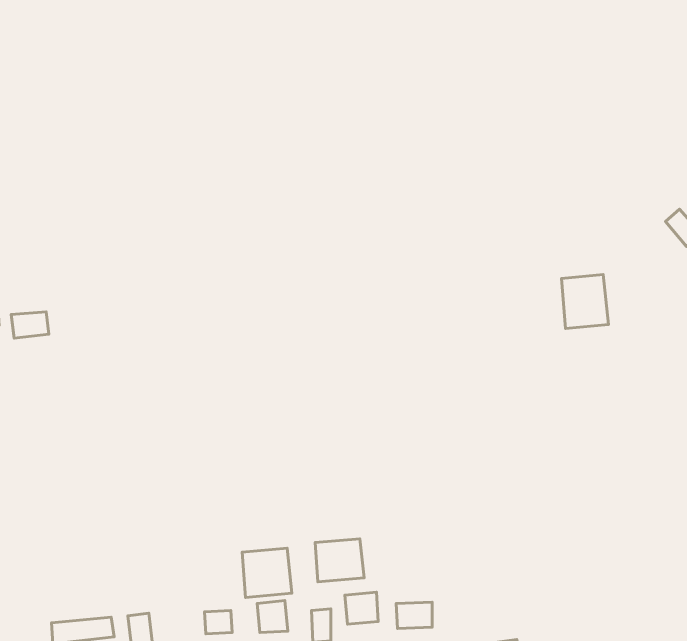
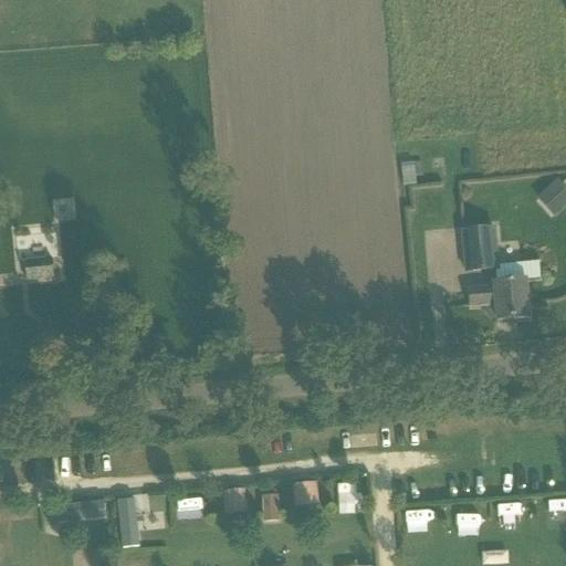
building: none -> [468,276,528,318]
building: [315,539,364,582] -> none
building: [242,548,292,598] -> none

